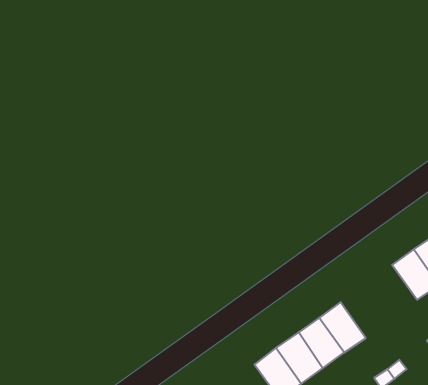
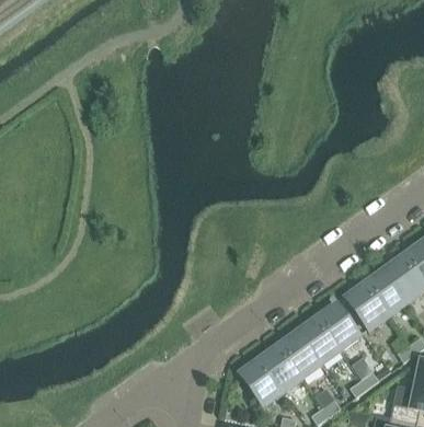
building: none -> [346,282,389,330]
building: none -> [319,302,360,349]

